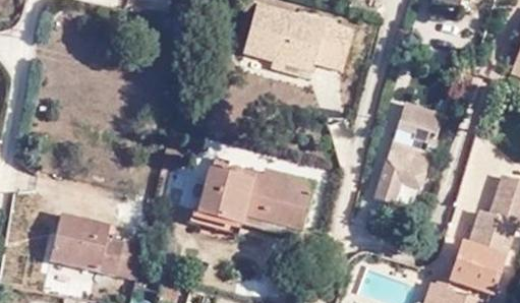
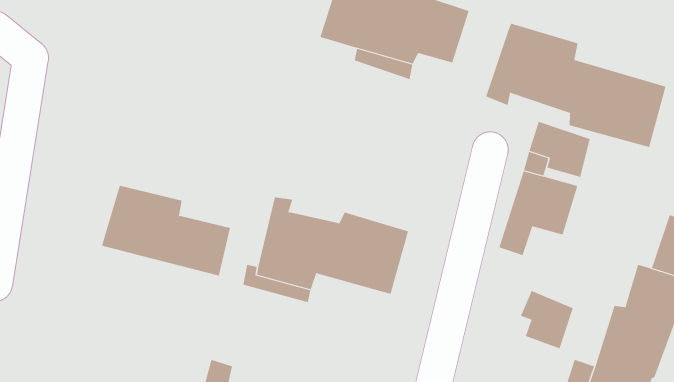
building: none -> [486,23,666,148]
building: [44,216,139,283] -> [101,185,231,276]
building: none -> [520,290,574,349]

